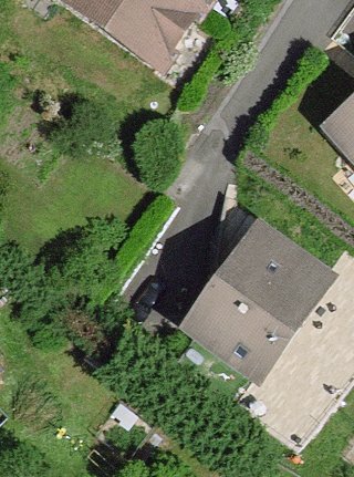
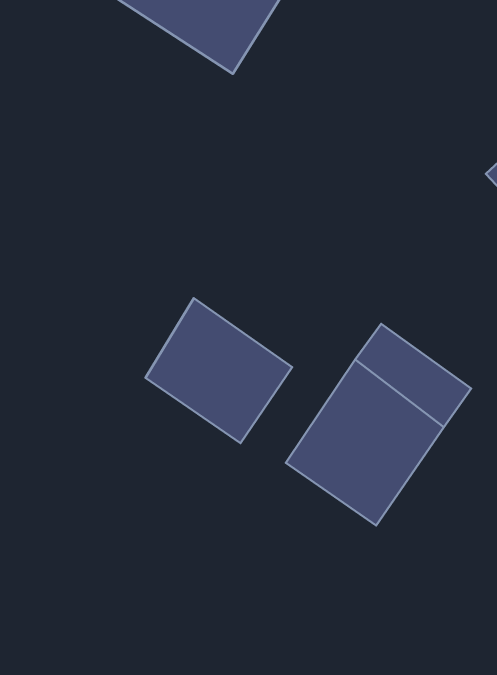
building: none -> [146,298,292,443]

